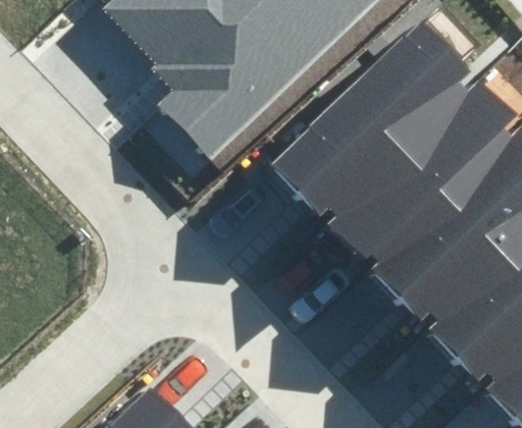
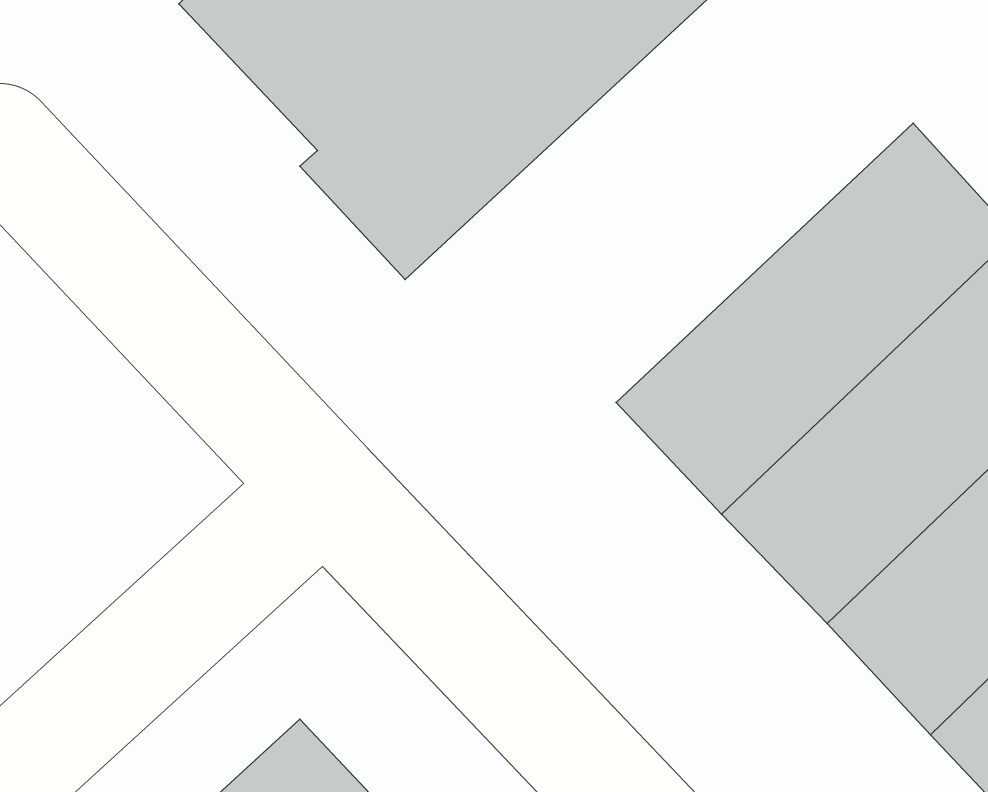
building: [267,18,477,221] -> none

